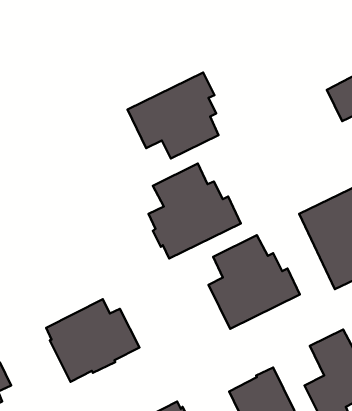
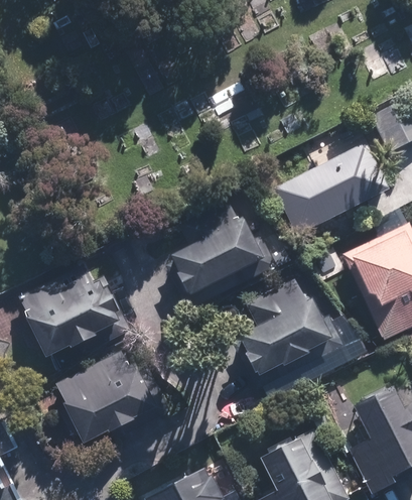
building: [127,72,219,158] -> none
building: none -> [272,143,389,236]
building: none -> [20,266,126,359]

